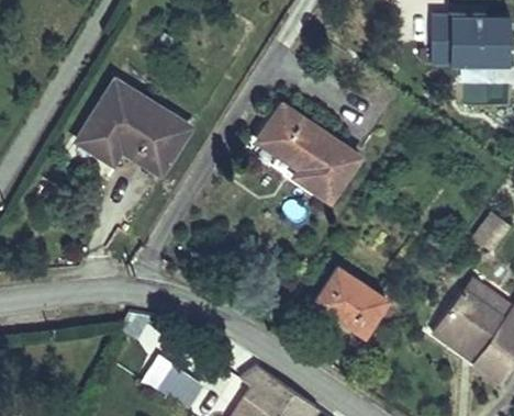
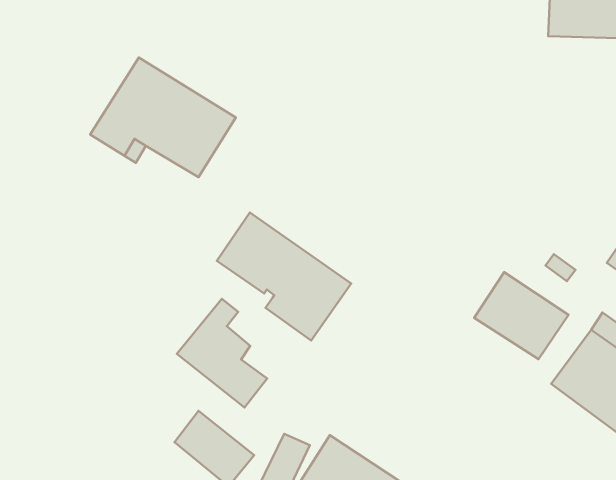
building: [257,103,360,202] -> [217,212,351,341]
building: none -> [177,299,267,407]
building: [315,268,388,335] -> [474,272,568,359]

